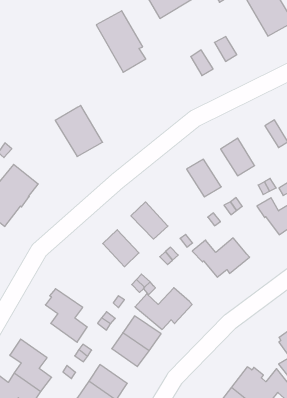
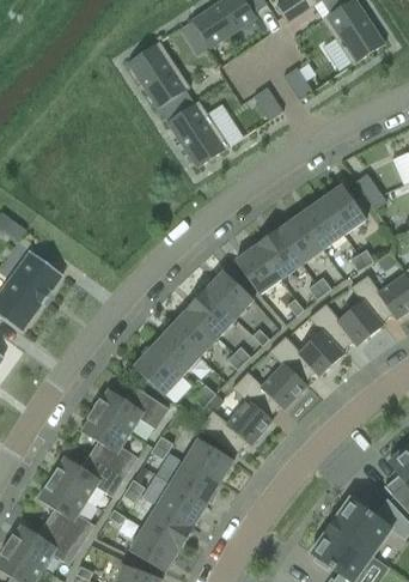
building: [55,105,103,157] -> [166,99,230,166]
building: none -> [321,184,366,234]
building: none -> [277,214,323,263]
building: none -> [234,243,281,293]
building: none -> [204,269,254,319]
building: none -> [170,308,218,356]
building: none -> [309,299,383,350]
building: none -> [134,346,182,394]
building: none -> [232,362,307,416]
building: none -> [93,384,170,431]
building: none -> [51,454,126,499]
building: none -> [157,483,206,527]

